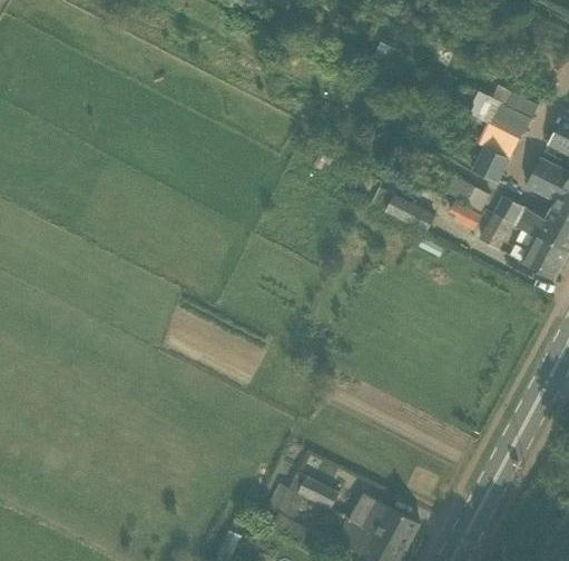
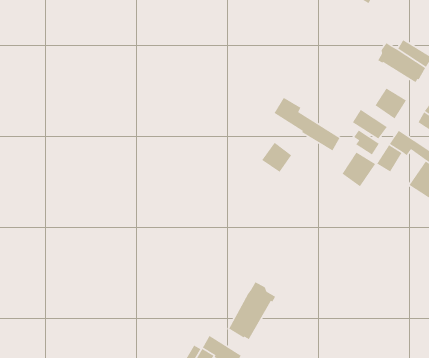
building: [475,117,519,159] -> none
building: none -> [261,142,292,173]
building: none -> [342,152,376,187]
building: none -> [228,281,276,340]

